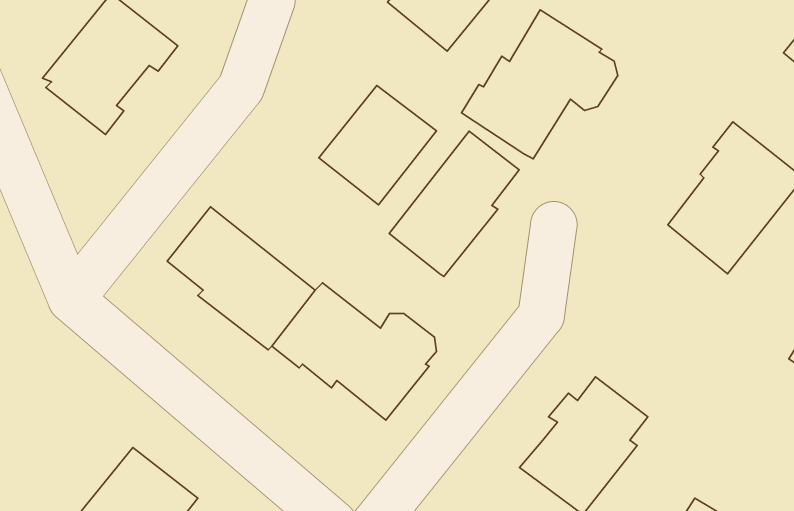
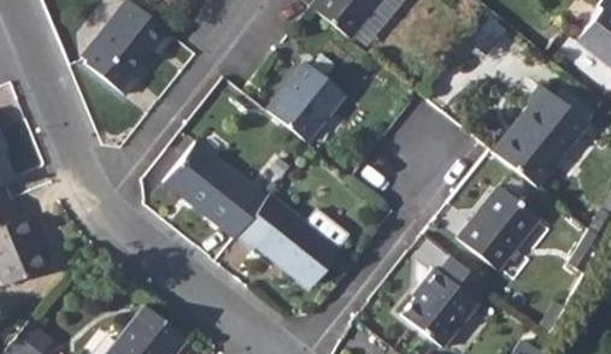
building: [462,10,618,159] -> none
building: [389,131,519,276] -> none
building: none -> [459,185,540,269]

